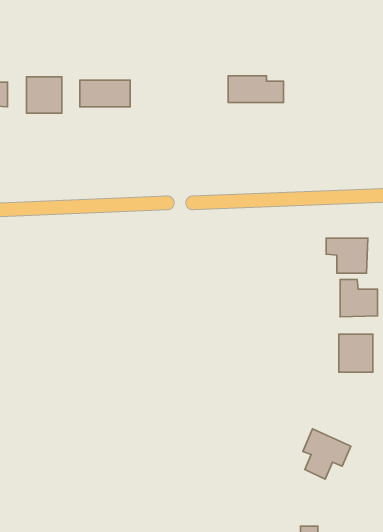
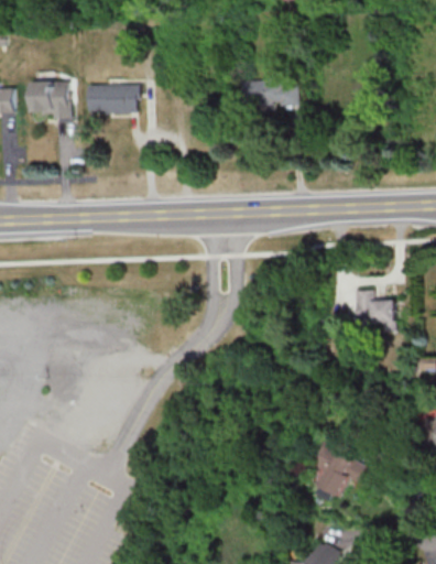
building: [326,238,368,273] -> none
building: [339,334,373,372] -> none

